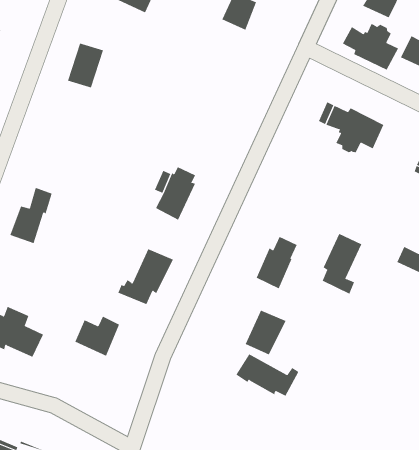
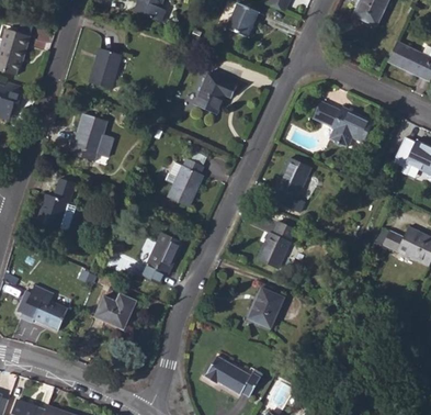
building: [342,23,399,71] -> none
building: none -> [195,74,237,114]
building: none -> [69,114,113,161]
building: [322,233,362,294] -> [274,158,310,213]
building: [236,354,299,396] -> [205,357,262,395]

